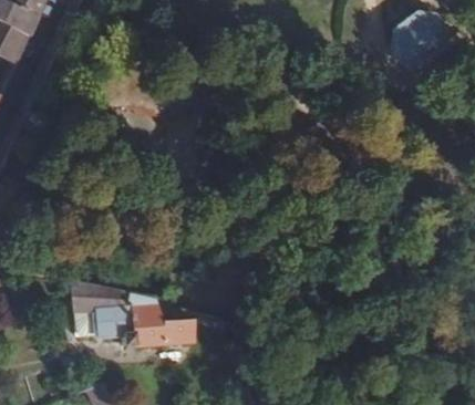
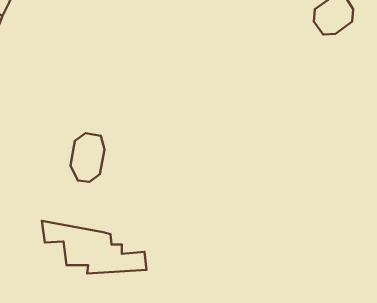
building: none -> [70,133,104,182]

